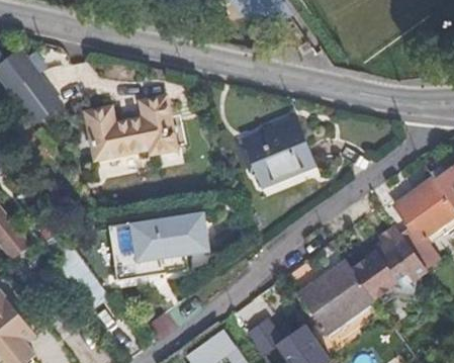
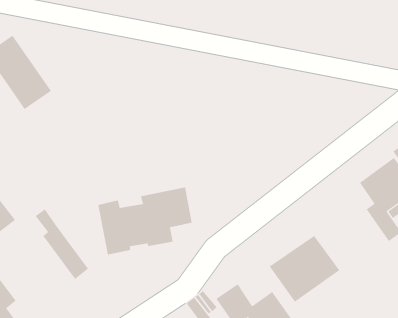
building: [85,96,174,159] -> none
building: [241,117,313,186] -> none
building: [352,225,426,298] -> none

